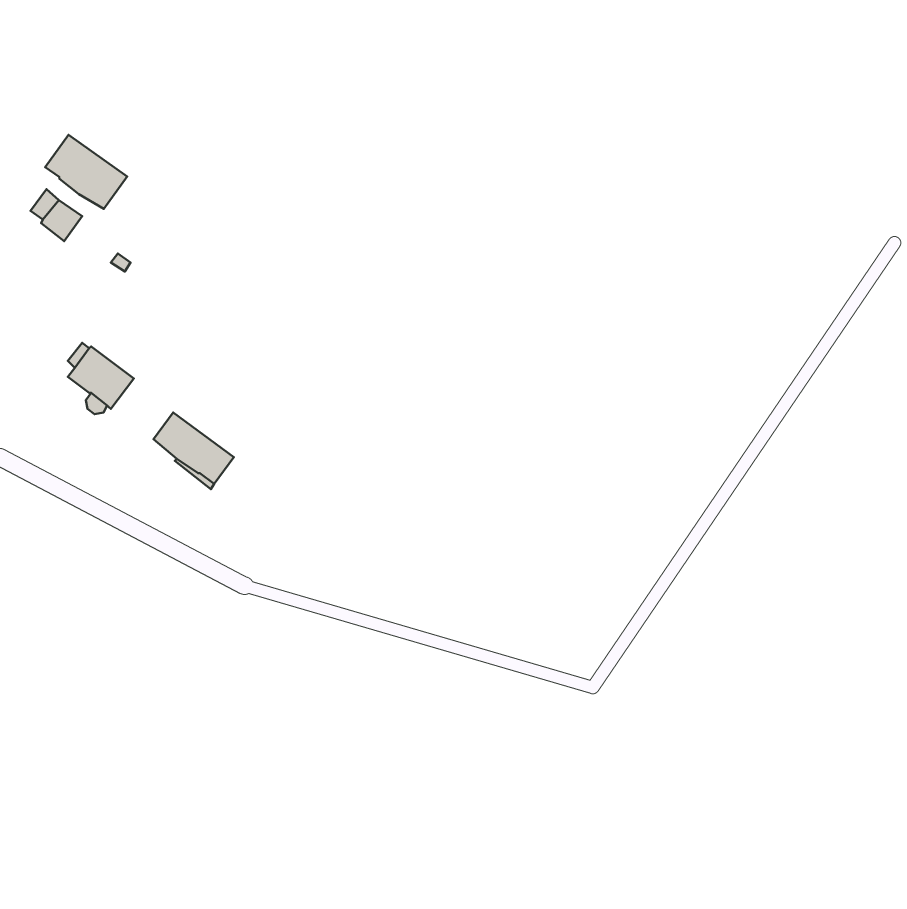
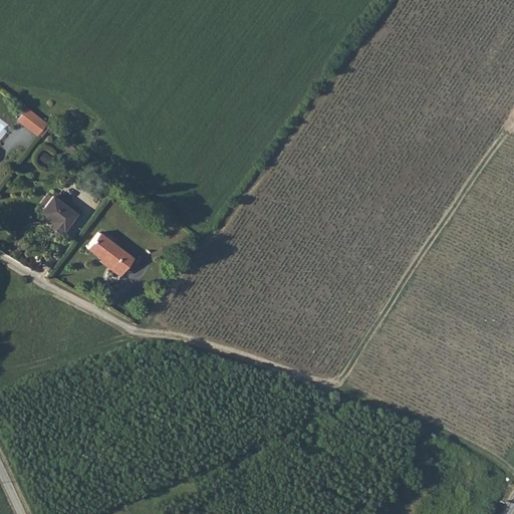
building: [45,135,127,209] -> none

